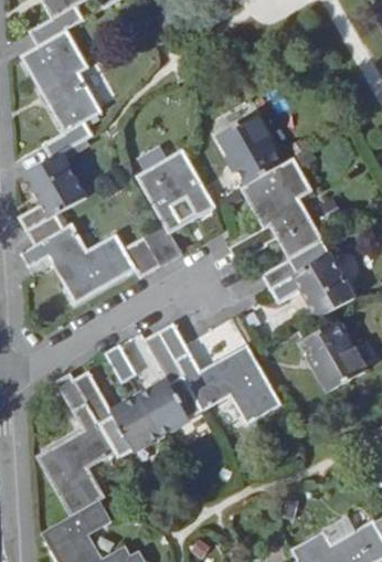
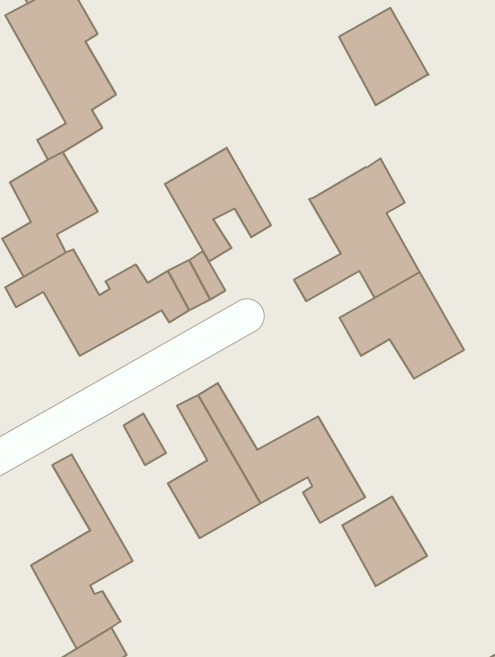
building: [219,116,284,187] -> [339,8,429,105]
building: [303,326,364,391] -> [342,497,427,586]
building: [74,371,162,459] -> none

